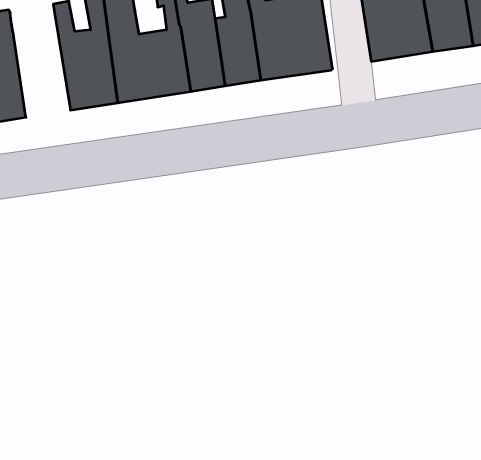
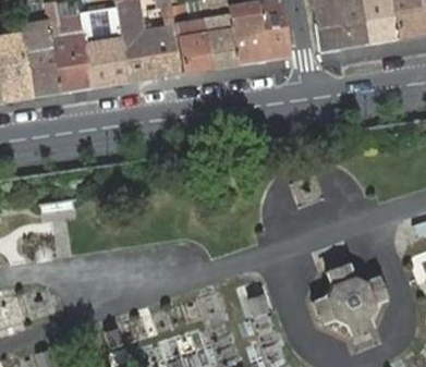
building: none -> [47,11,93,93]
building: none -> [315,265,387,337]

